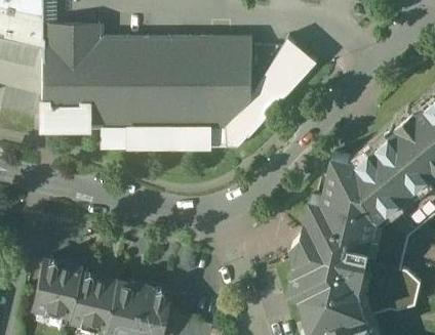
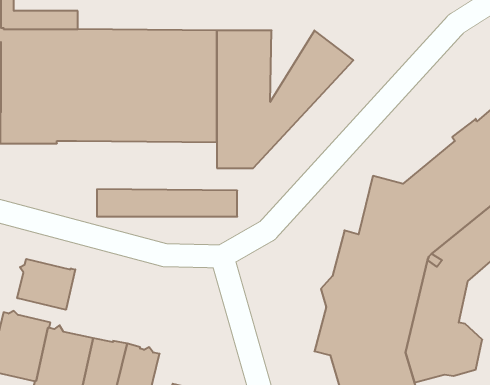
building: [98,124,209,145] -> [97,189,237,217]
building: none -> [17,259,75,310]

